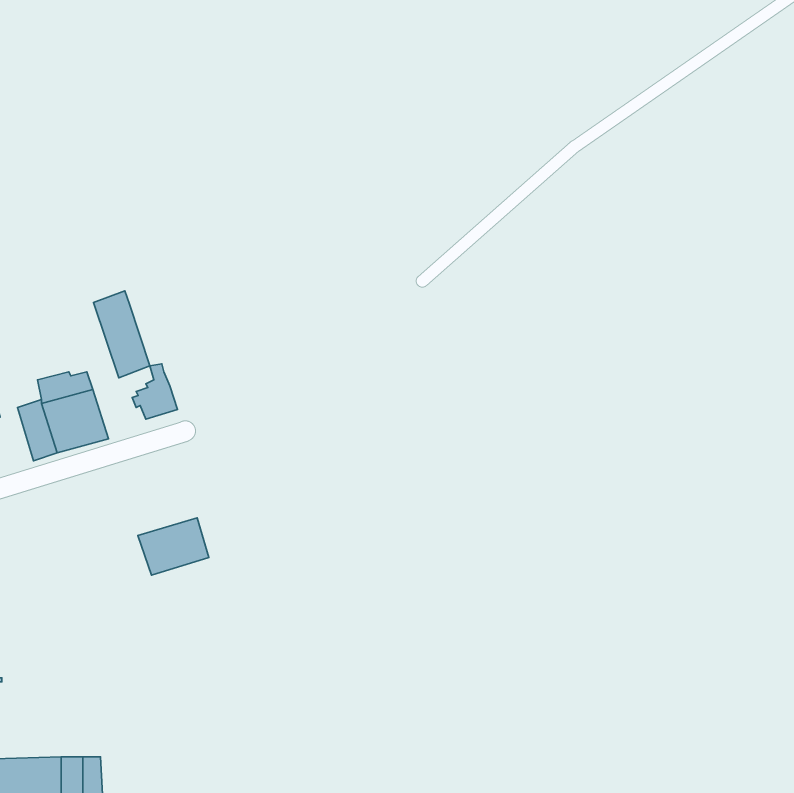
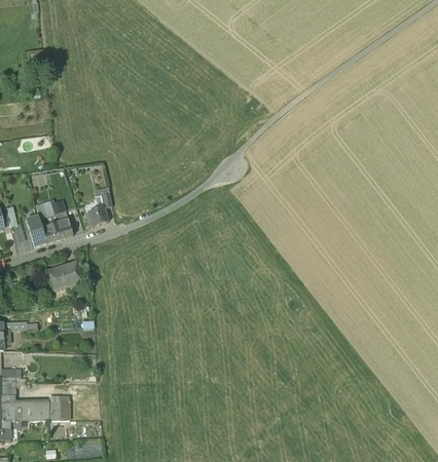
building: [94,291,150,378] -> none
building: [138,518,209,575] -> [45,260,82,290]

